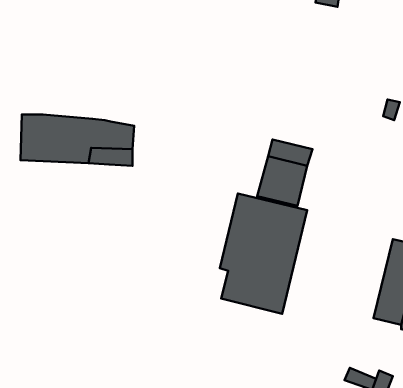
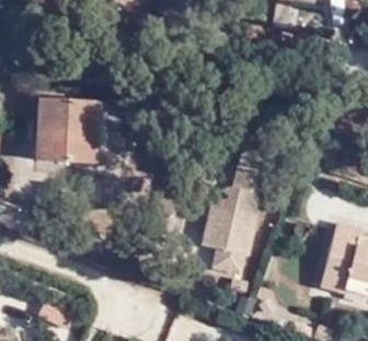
building: none -> [44,98,100,126]

